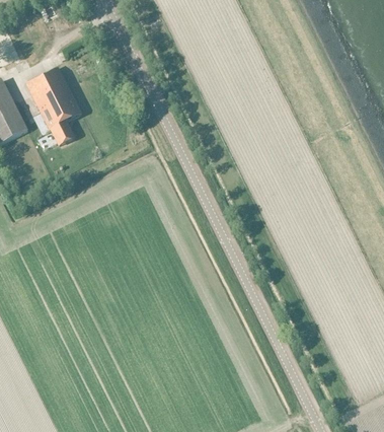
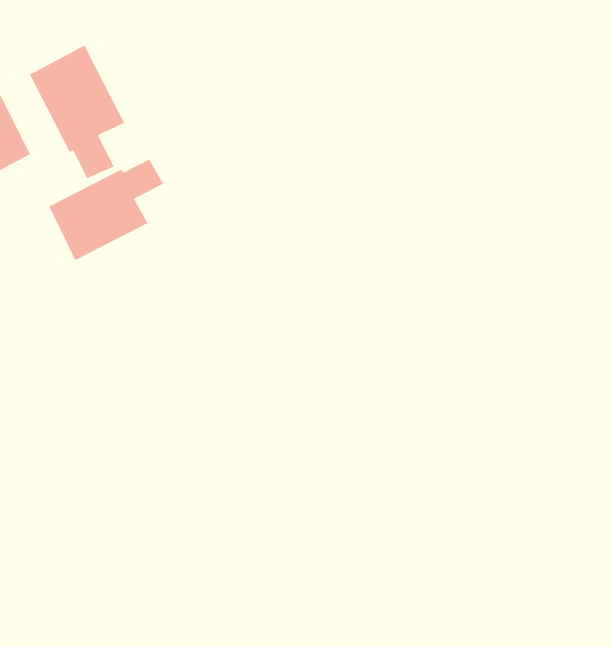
building: none -> [48,158,164,261]

